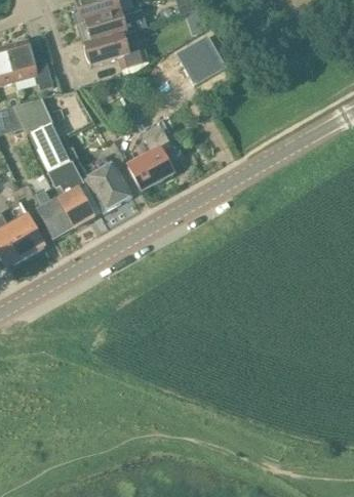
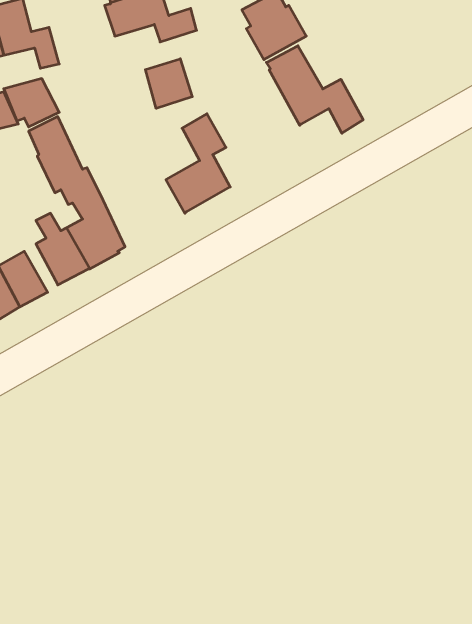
building: none -> [266,46,363,133]
building: none -> [145,59,192,108]
building: [84,161,132,214] -> none

